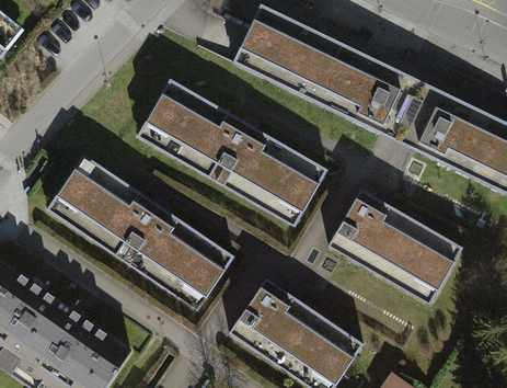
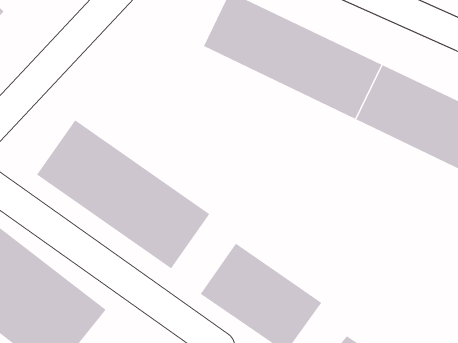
building: [139,76,330,225] -> none
building: [331,186,462,299] -> none

